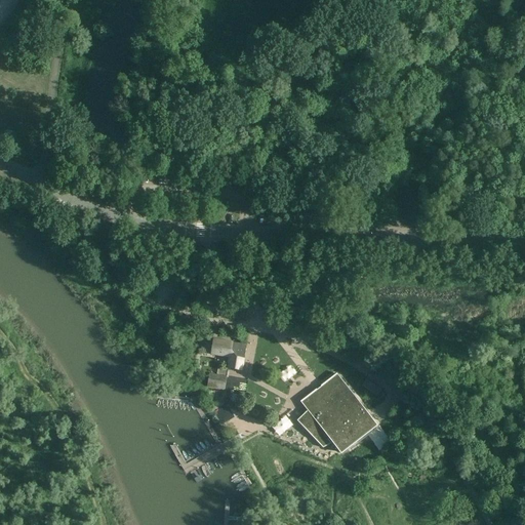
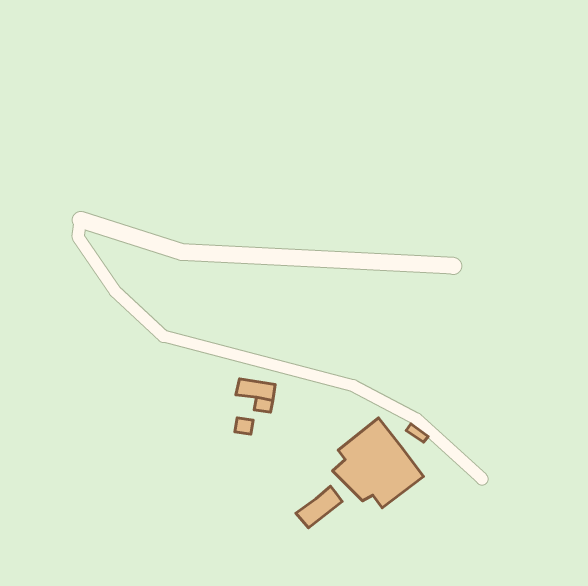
building: none -> [296,486,342,528]

